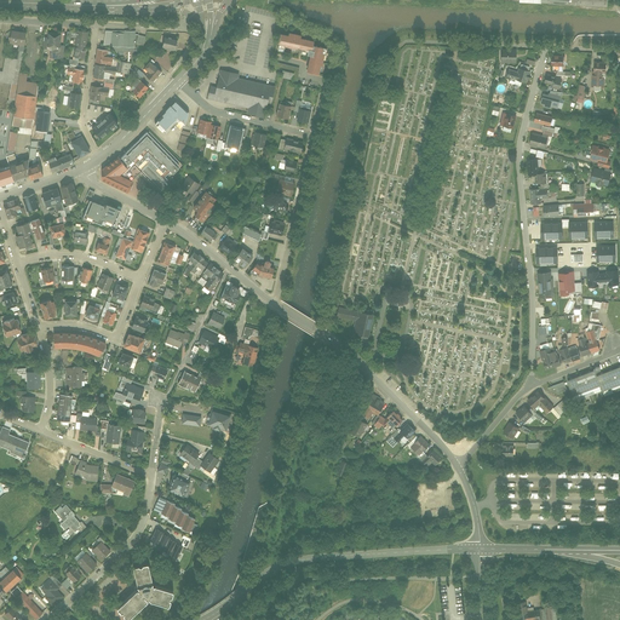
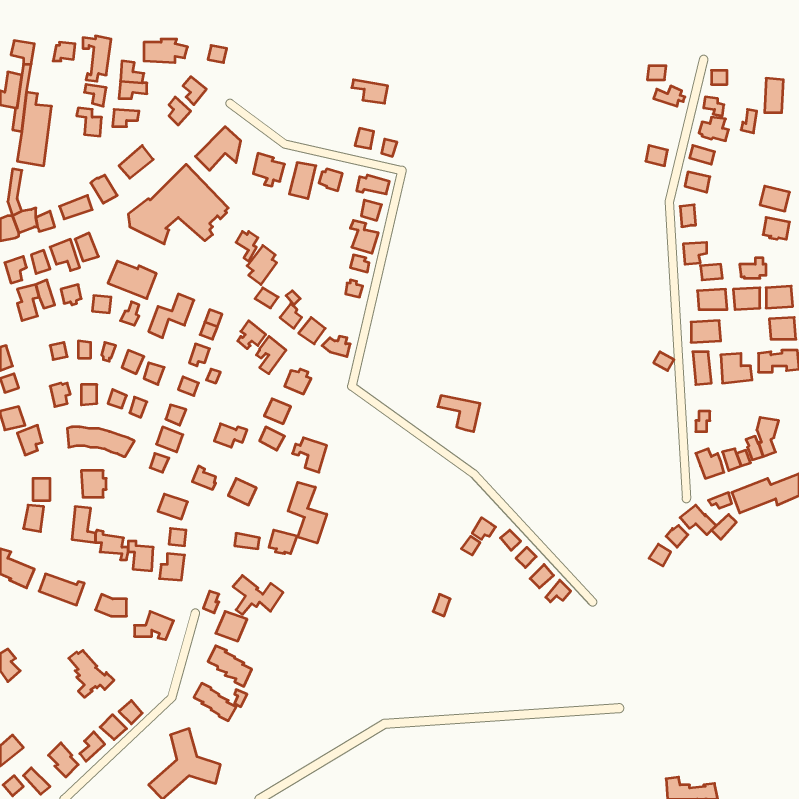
building: [275,30,323,73] -> none
building: [208,70,275,117] -> none
building: none -> [288,482,327,543]

